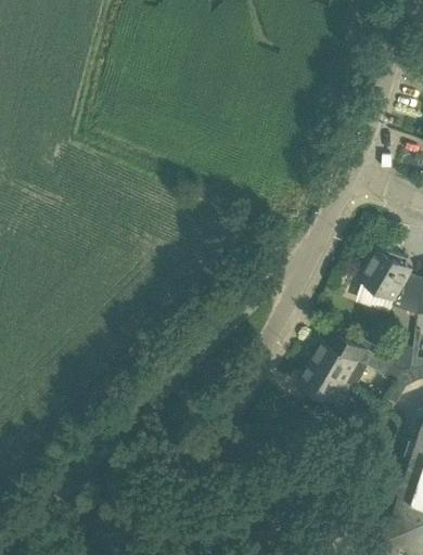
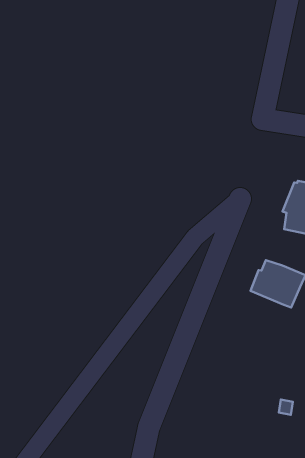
building: [296,361,344,420] -> none

